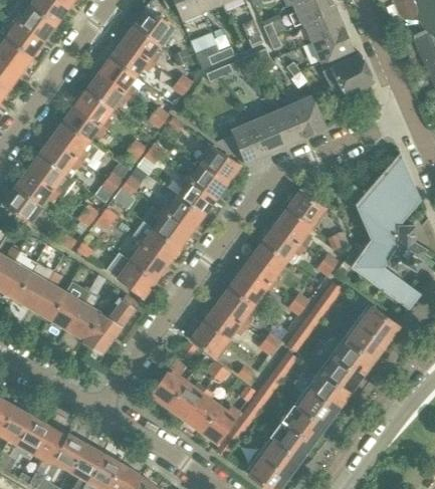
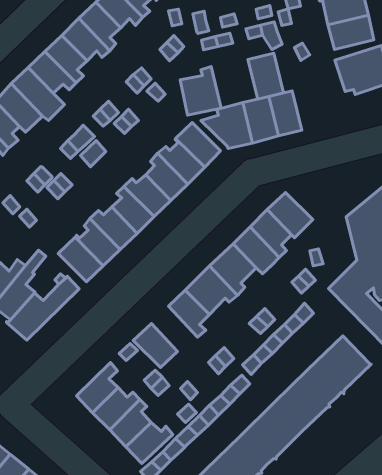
building: none -> [180,66,221,115]
building: [290,95,325,137] -> [248,53,284,99]
building: [204,305,245,342] -> none

